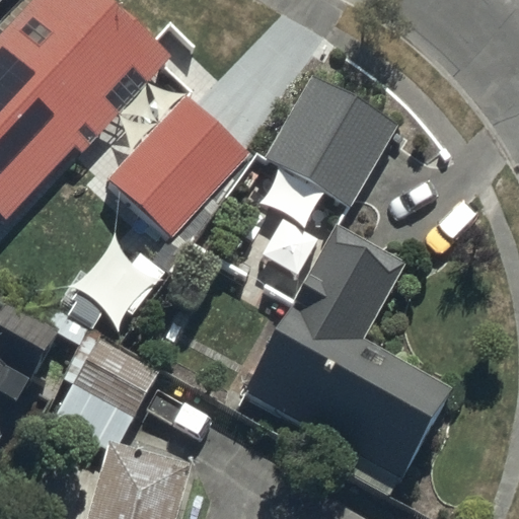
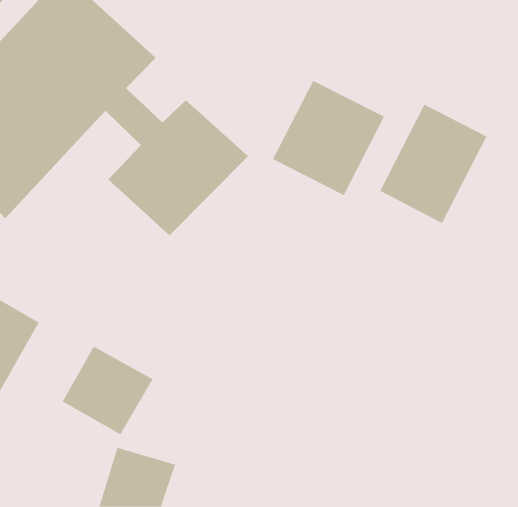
building: none -> [379,104,487,224]
building: [253,240,443,466] -> none

